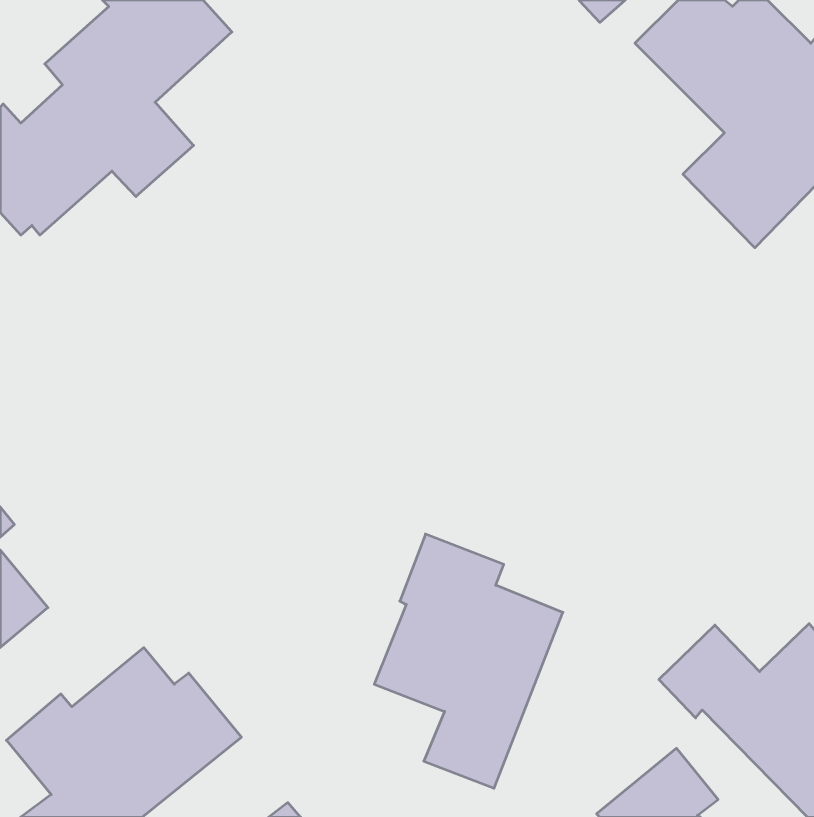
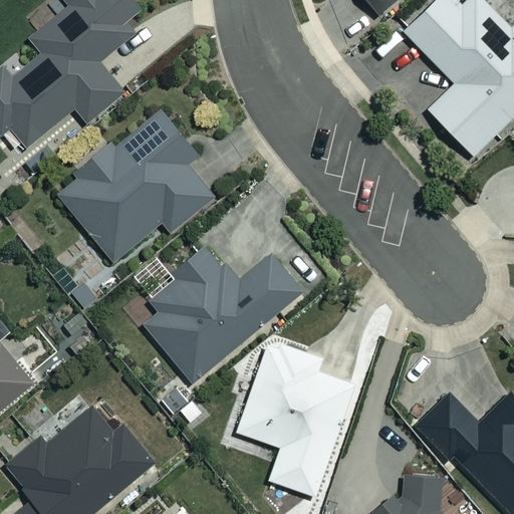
building: none -> [56,114,212,260]
building: none -> [143,243,304,384]

